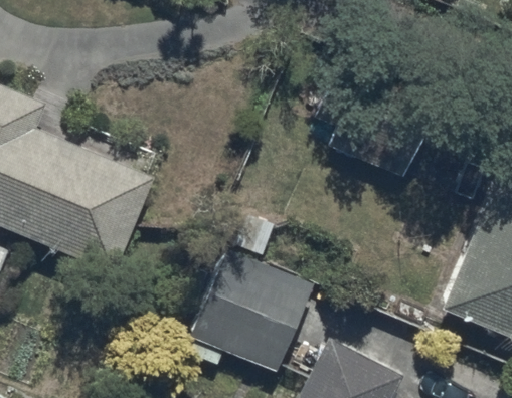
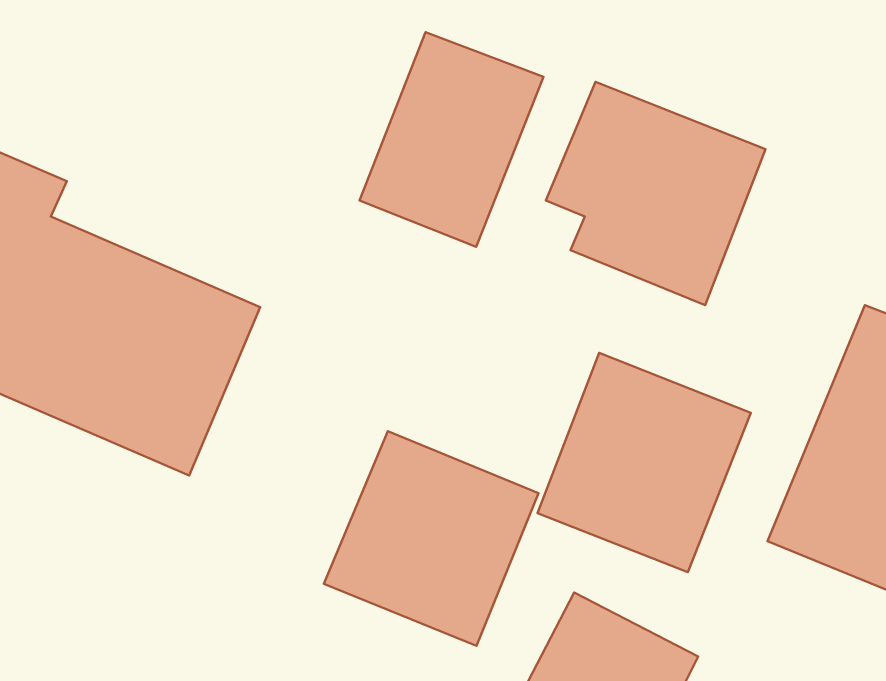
building: none -> [360,32,543,247]
building: none -> [537,353,751,572]

